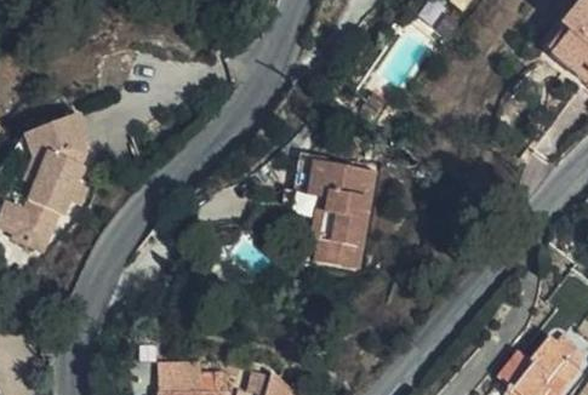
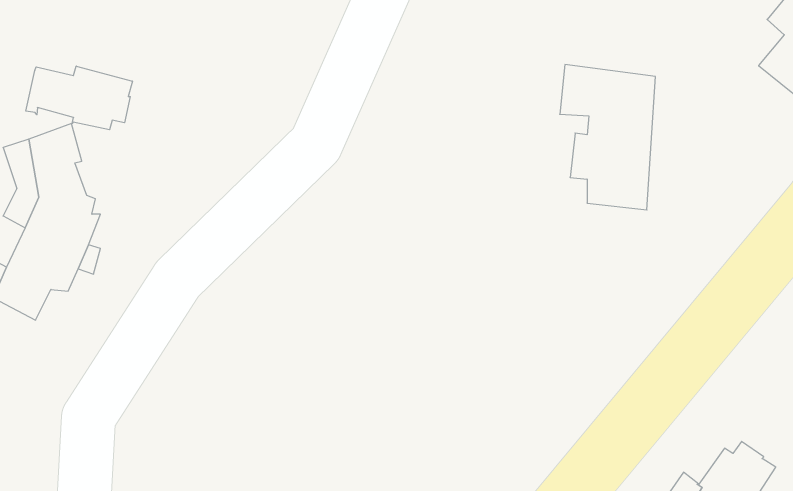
building: none -> [26,66,132,130]
building: [309,150,377,253] -> [560,65,655,210]

